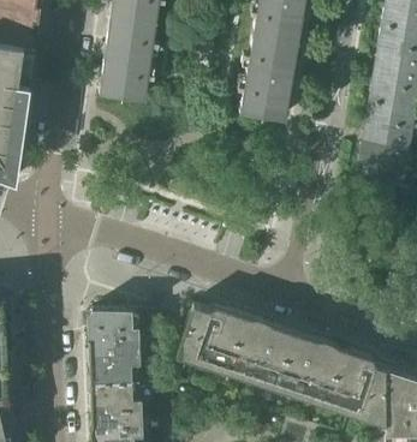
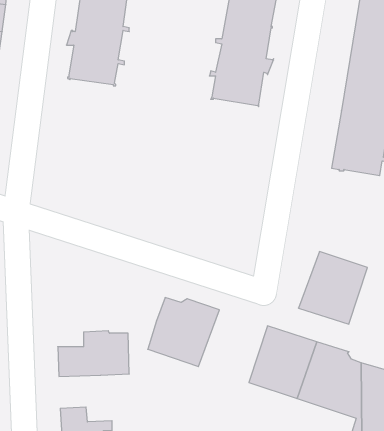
building: [88,307,157,352] -> none
building: [226,316,293,387] -> [298,252,367,324]
building: [90,380,142,425] -> none

